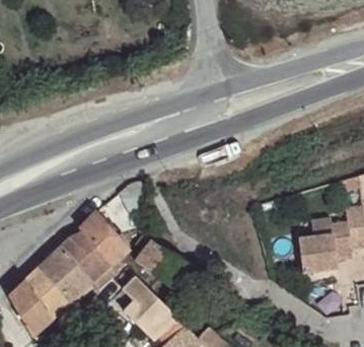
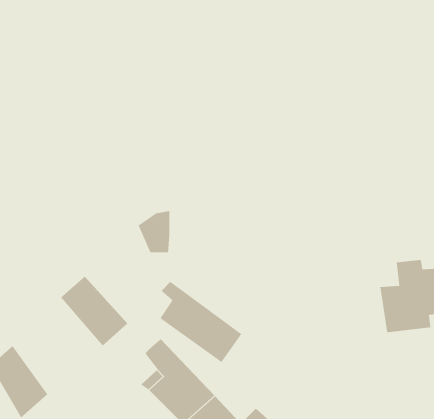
building: [79,210,129,264] -> none
building: [25,245,92,317] -> none

